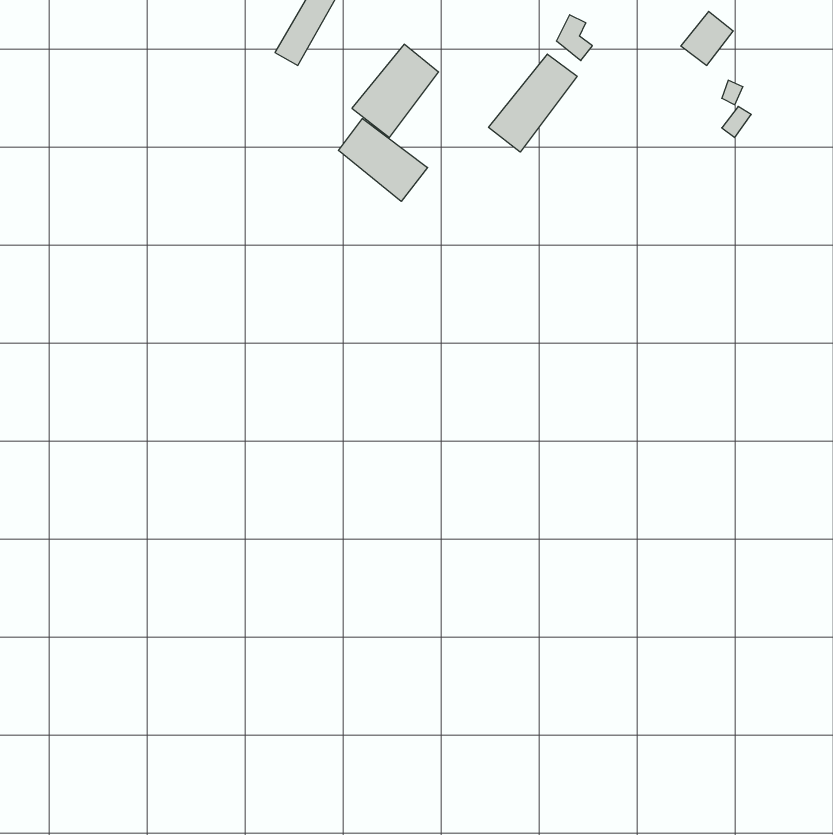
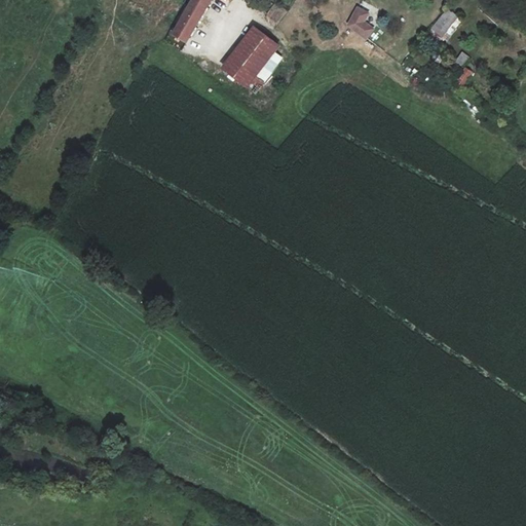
building: [489,54,577,152] -> none
building: [338,119,428,201] -> none

